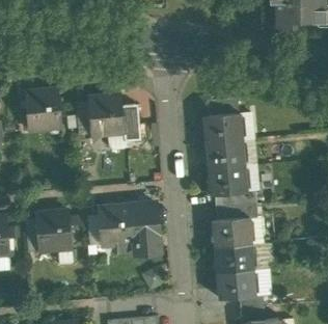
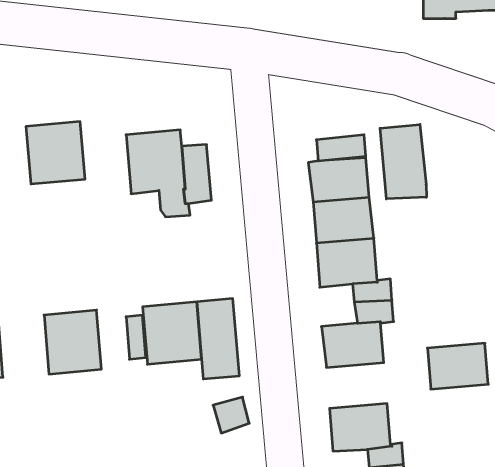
building: none -> [380,124,426,199]
building: [215,244,253,273] -> [427,343,488,389]

